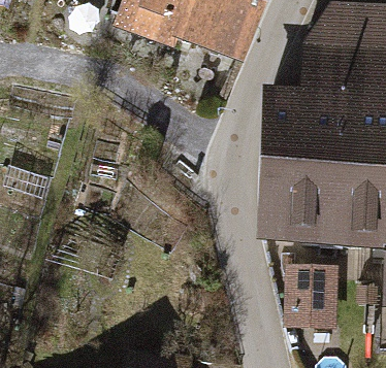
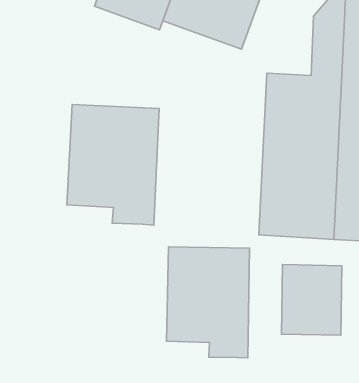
building: none -> [67,104,159,225]
building: none -> [166,247,249,358]

